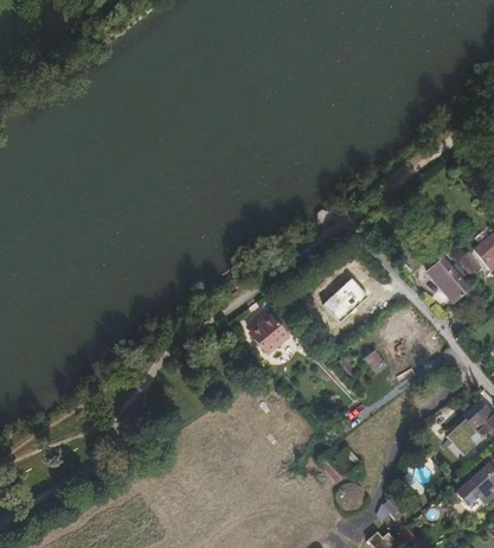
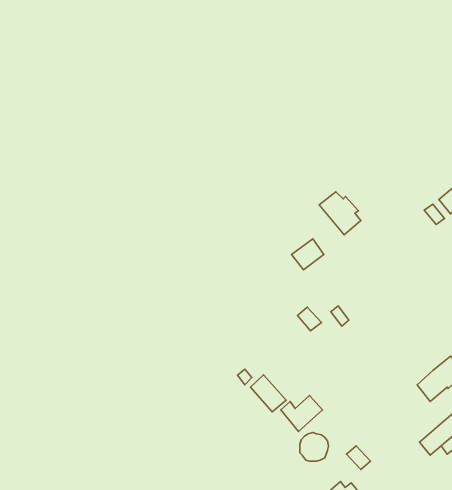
building: [426,261,468,304] -> [319,192,361,235]
building: [250,316,287,352] -> none
building: none -> [251,375,286,412]

